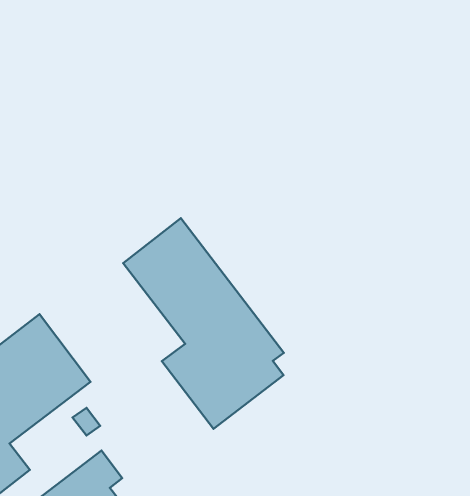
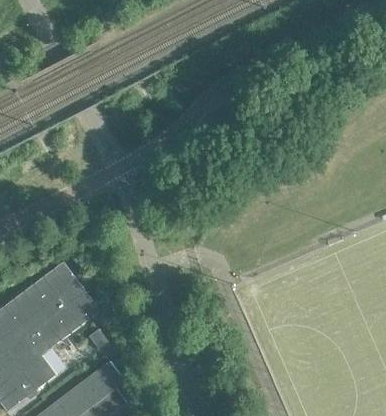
building: [123,218,284,429] -> none

